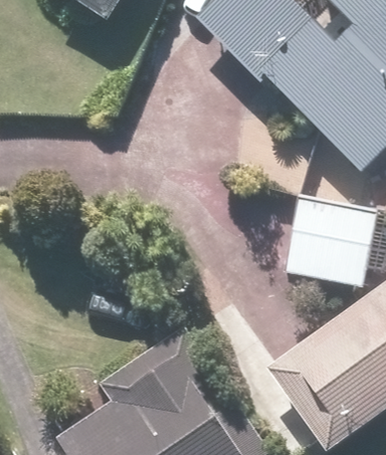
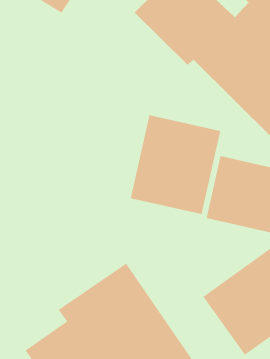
building: none -> [130,114,221,215]

